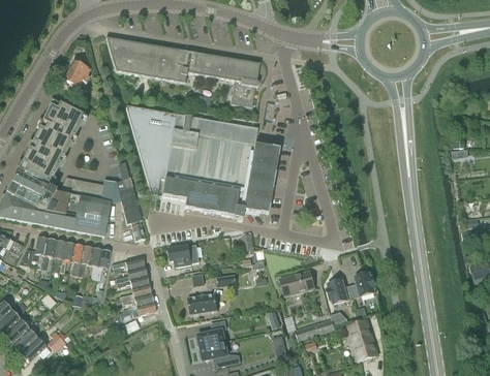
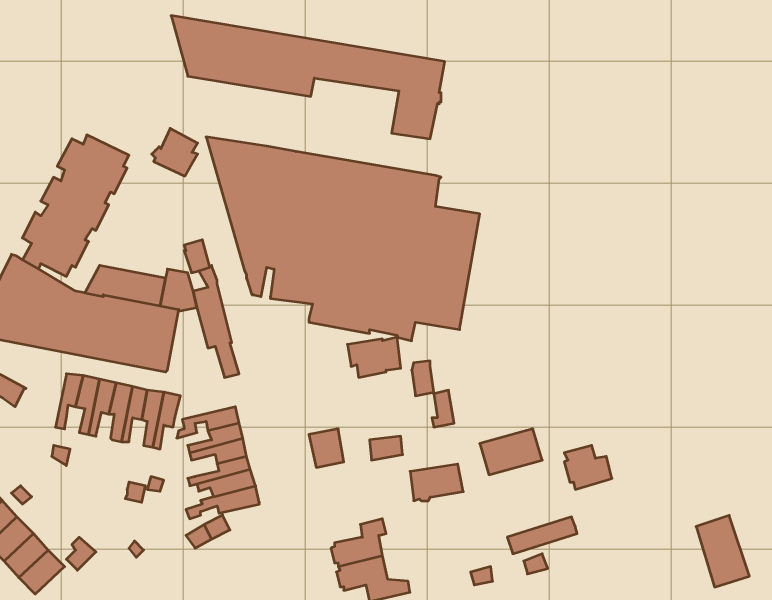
building: [62,61,88,88] -> [152,128,198,176]
building: [19,236,47,270] -> none
building: [169,243,198,265] -> [347,337,401,377]
building: [350,271,375,296] -> none
building: [187,292,217,313] -> [410,464,463,501]
building: [347,318,377,358] -> [696,515,749,587]

